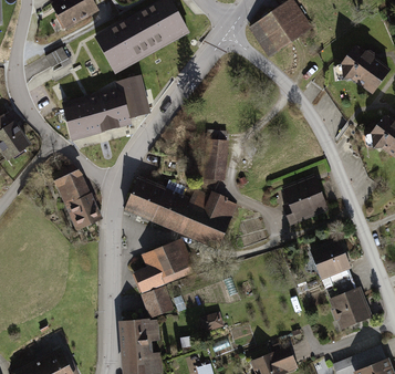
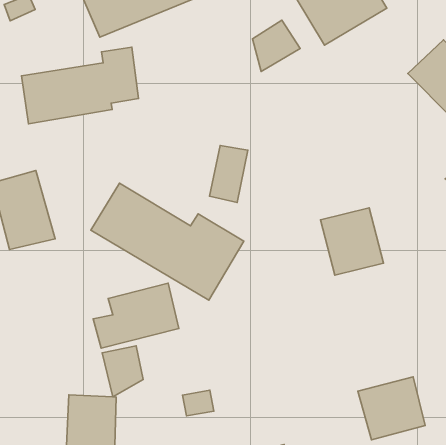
building: none -> [253,20,300,72]
building: [312,241,347,277] -> none

